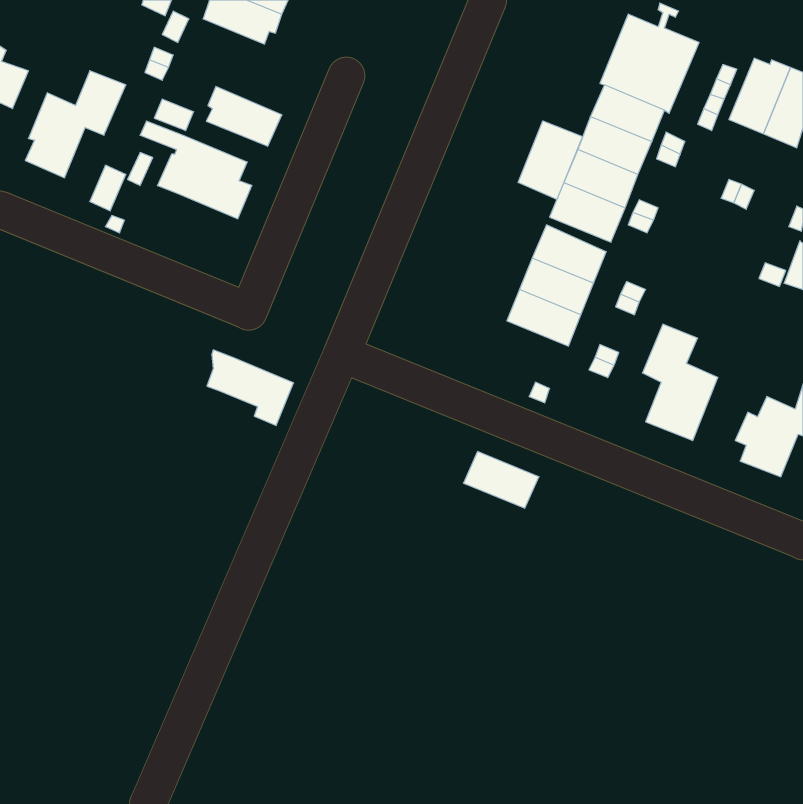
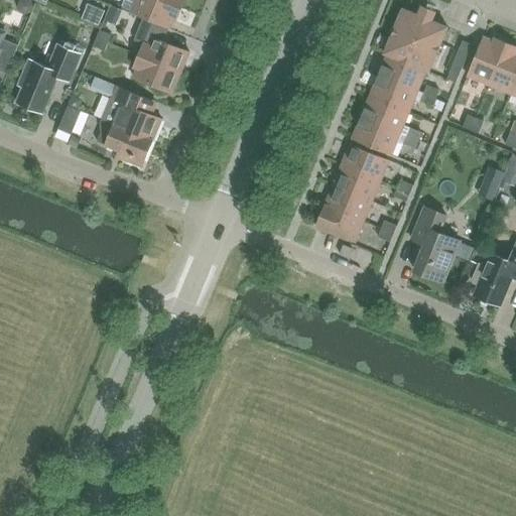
building: none -> [133,18,189,74]
building: [518,121,583,199] -> none
building: [207,350,294,425] -> [97,119,152,167]
building: [463,452,539,508] -> [315,206,364,242]

